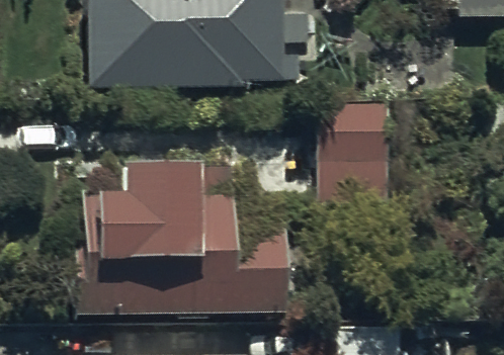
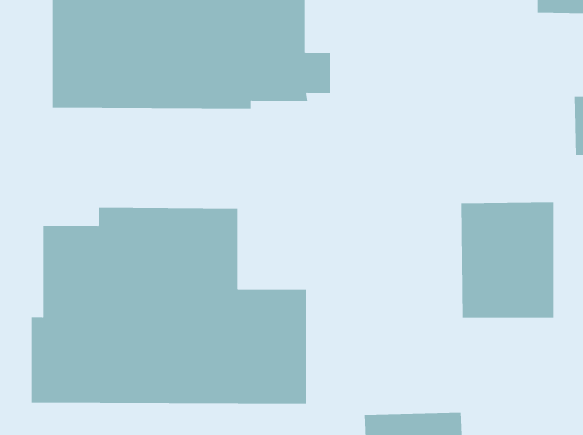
building: [320,99,392,188] -> [460,202,554,318]

